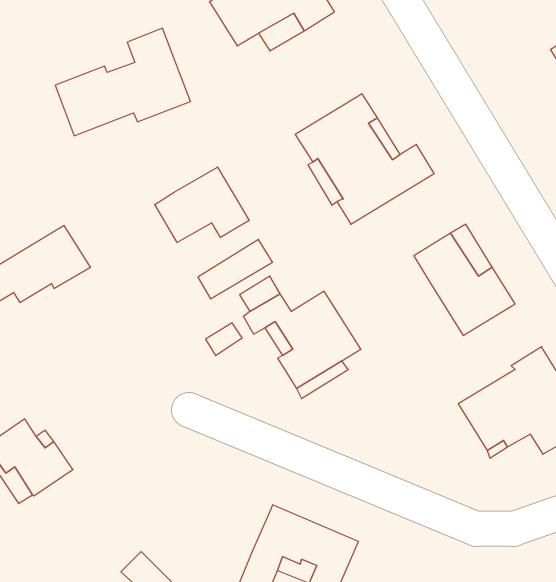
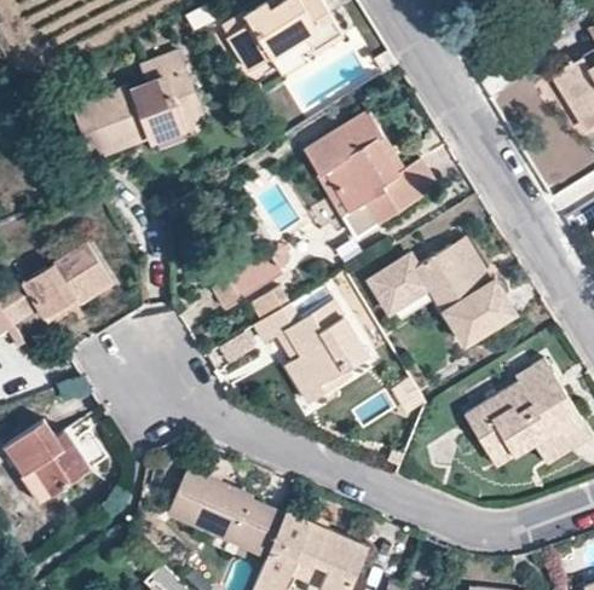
building: [155,167,249,242] -> none
building: none -> [369,258,434,320]
building: none -> [166,467,283,554]

